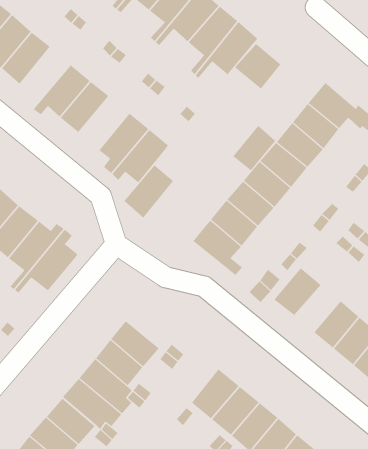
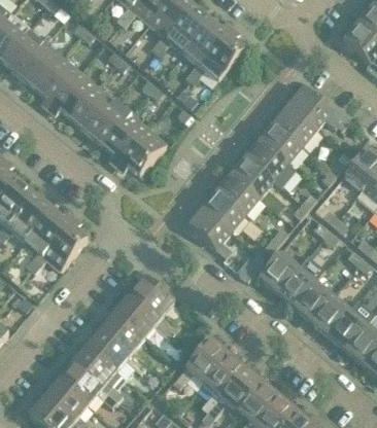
building: [234,43,281,90] -> none
building: none -> [36,56,80,110]
building: [232,125,276,171] -> none
building: [124,165,174,219] -> [88,99,132,146]
building: none -> [277,264,317,306]
building: none -> [129,277,174,320]

